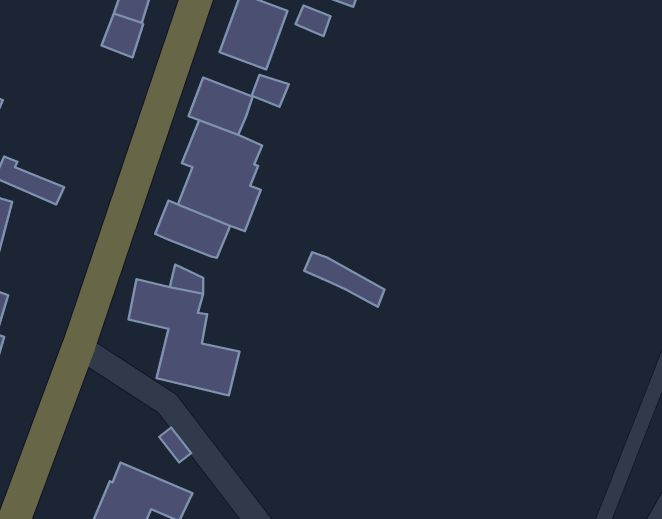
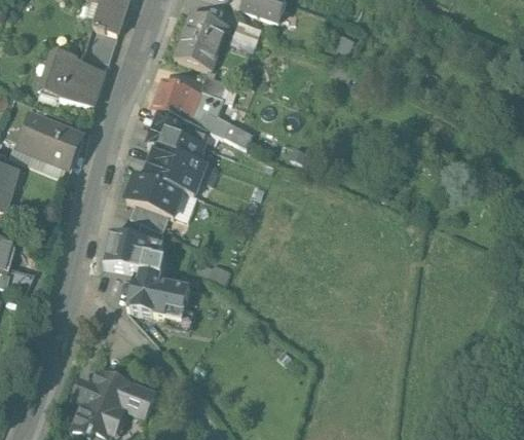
building: none -> [41,50,102,102]
building: none -> [17,113,81,166]
building: none -> [129,199,169,229]
building: [304,252,385,307] -> [189,105,251,147]

